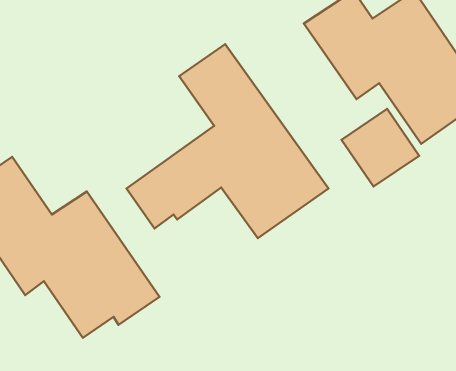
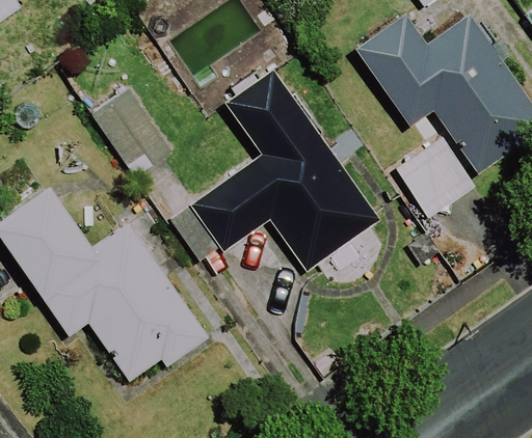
building: none -> [91,89,172,177]

